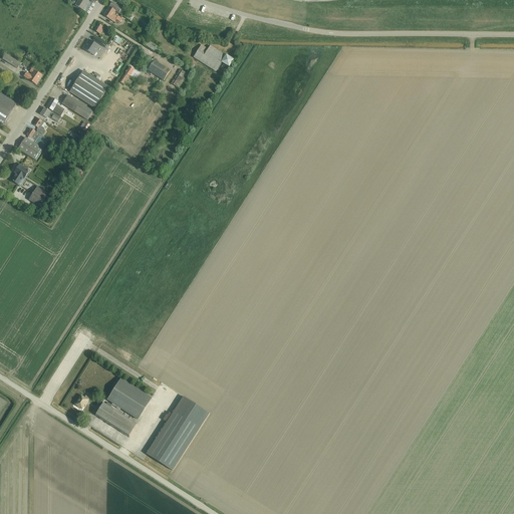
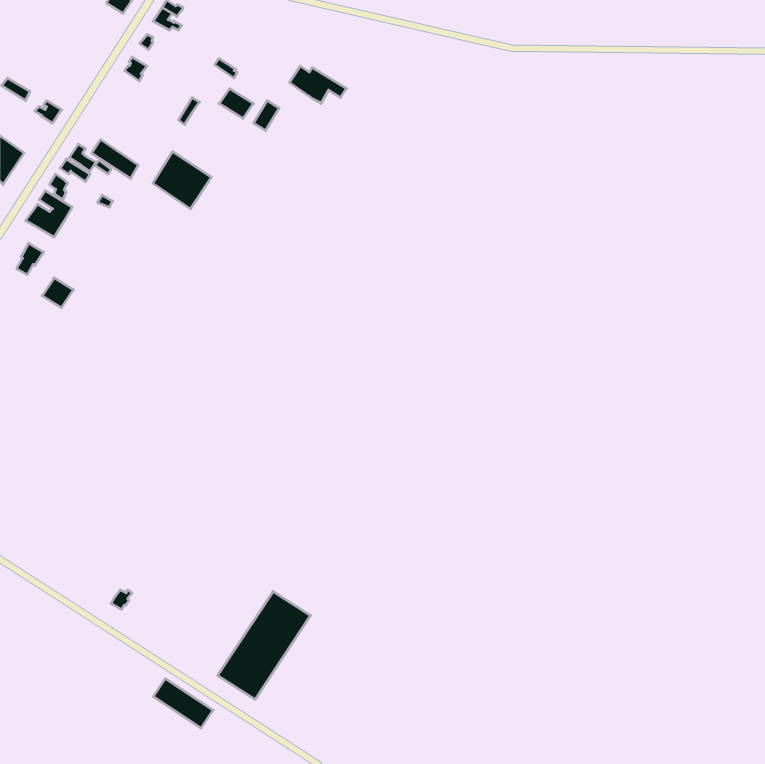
building: [69,69,108,107] -> [153,152,211,209]
building: [107,377,151,418] -> none
building: [95,402,136,435] -> [153,679,213,728]

